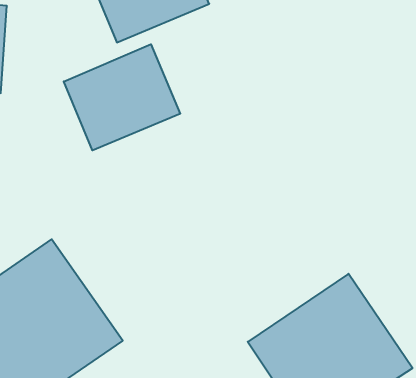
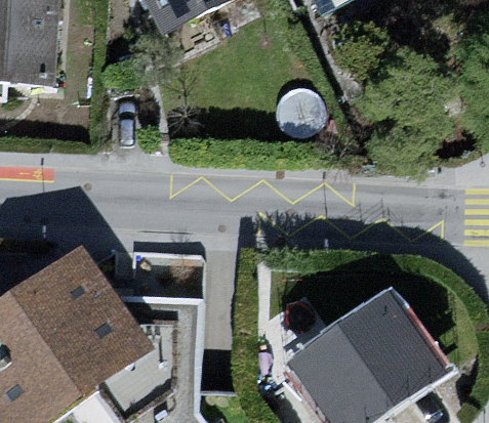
building: [64,44,180,150] -> none

